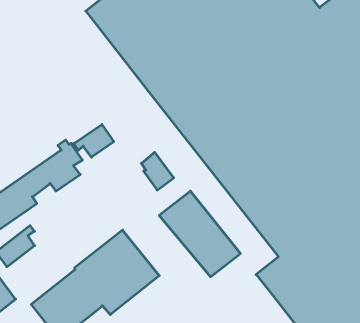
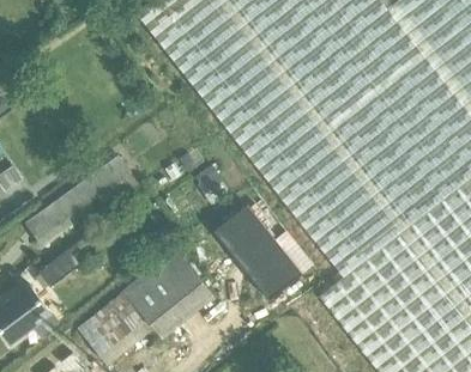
building: [74,124,114,157] -> none

